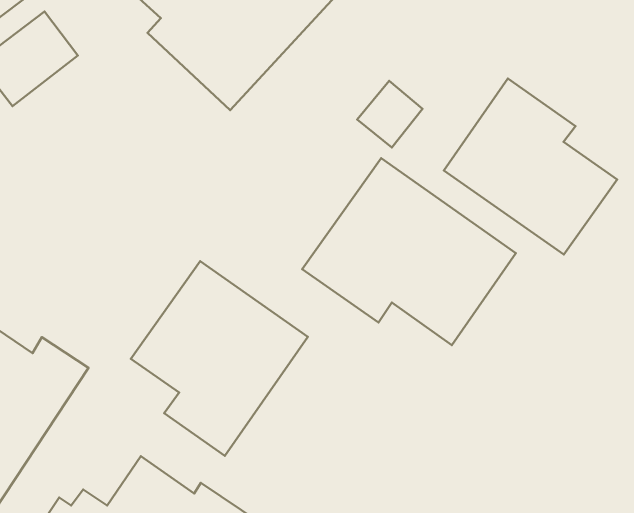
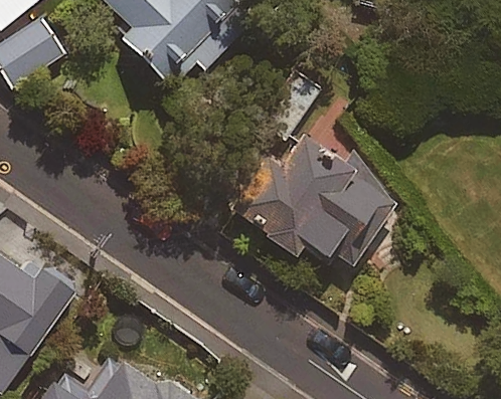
building: [444,78,617,255] -> none
building: [131,261,308,456] -> none

